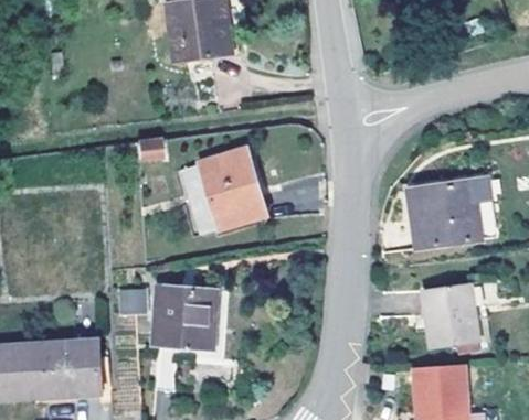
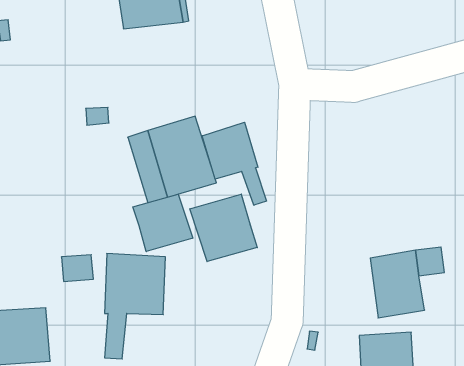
building: none -> [202,122,267,205]
building: [409,177,489,246] -> none
building: none -> [190,194,257,262]
building: none -> [133,194,193,252]

